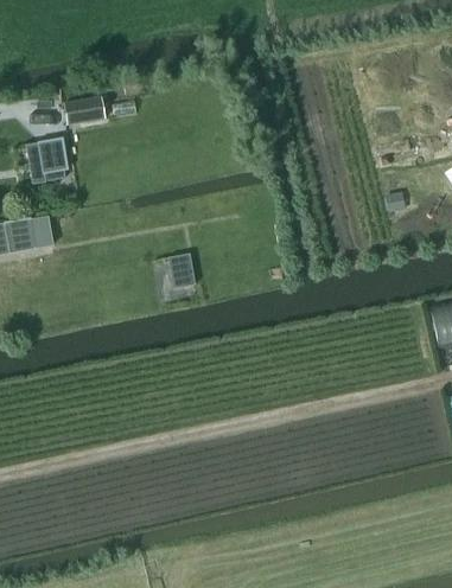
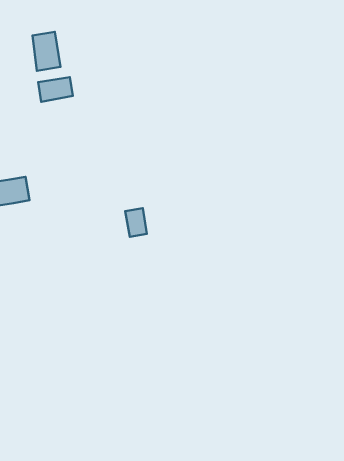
building: none -> [33,32,60,71]
building: [37,140,64,181] -> none

